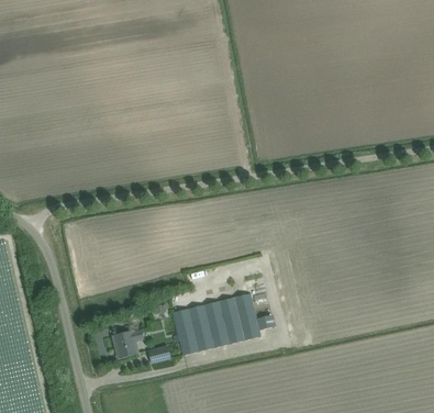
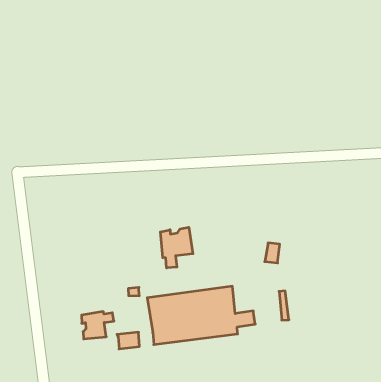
building: none -> [160,227,193,268]

